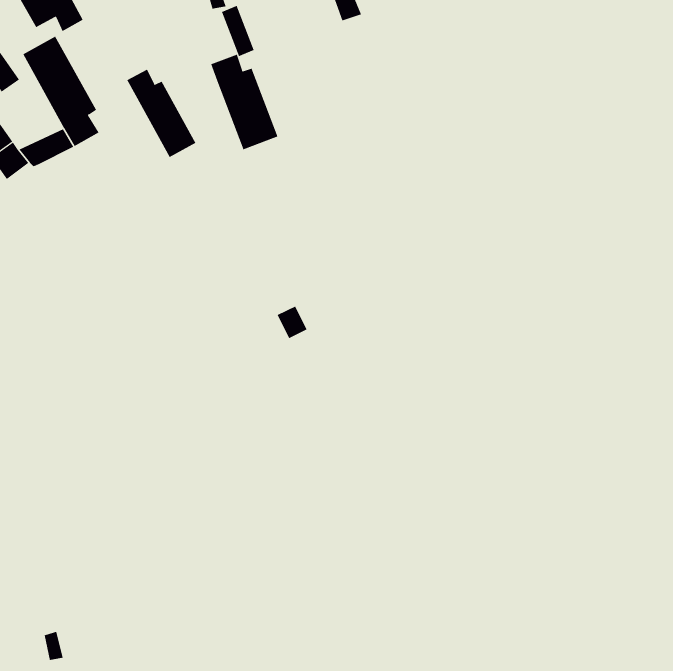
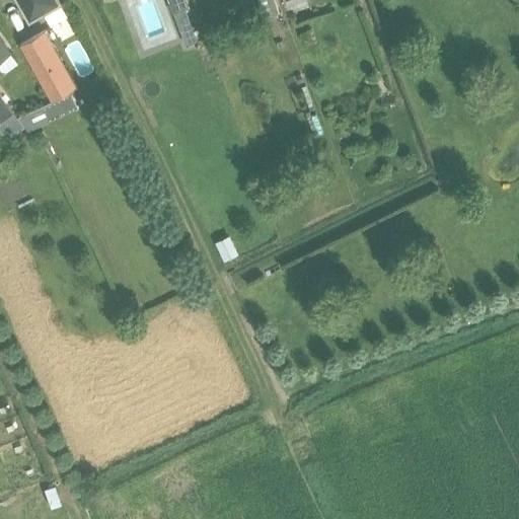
building: [210,54,278,150] -> none
building: [127,69,196,158] -> none

